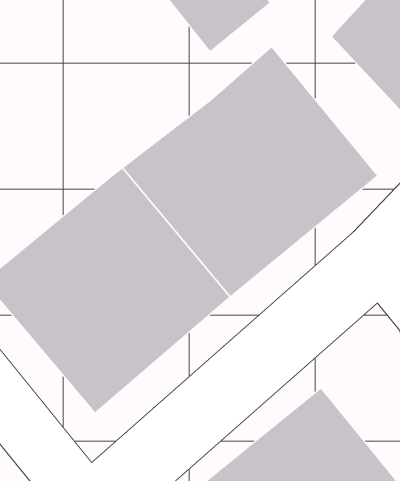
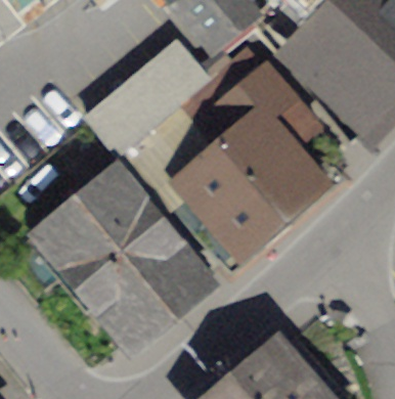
building: none -> [97,50,208,150]

